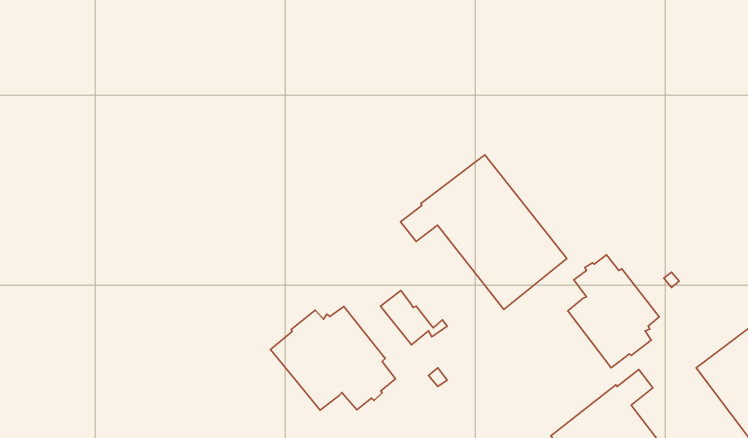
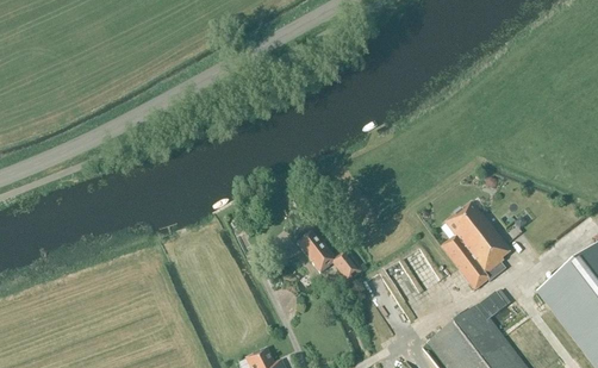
building: [401,155,567,309] -> none
building: [270,306,395,410] -> none

